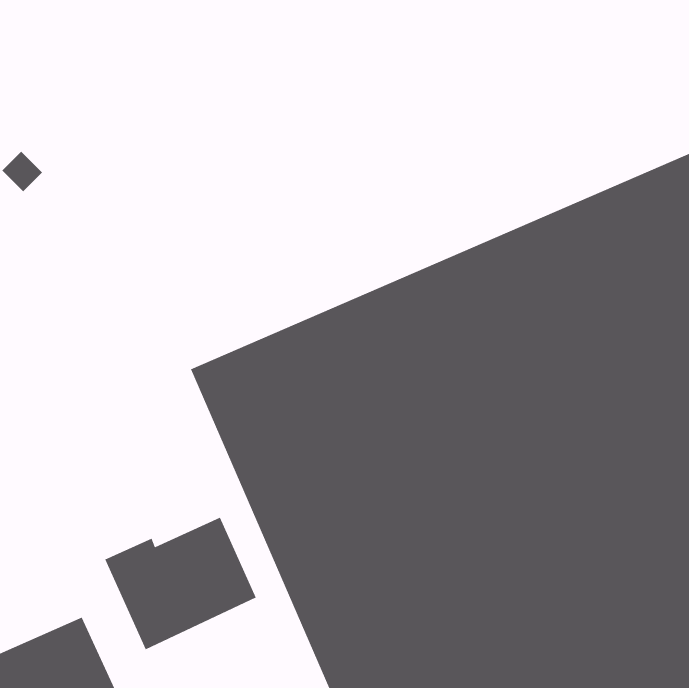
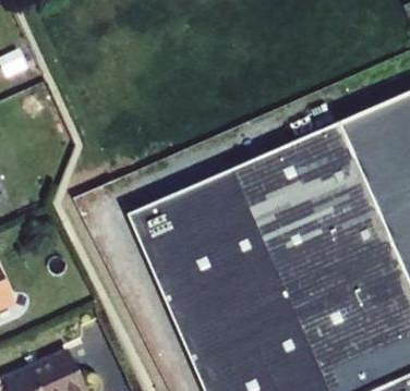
building: [104,517,256,650] -> none

